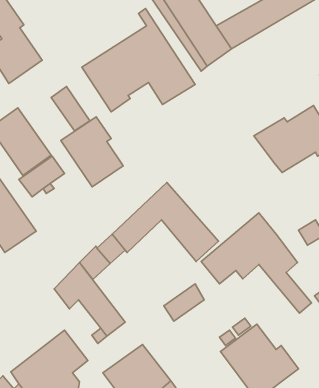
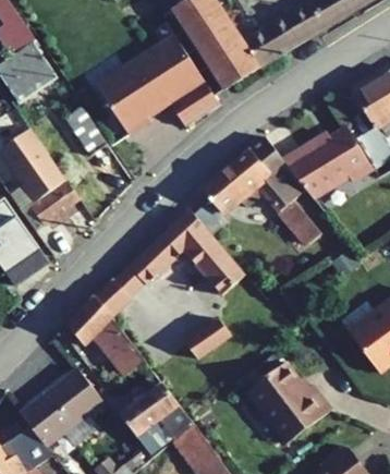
building: [61,117,123,187] -> none
building: [201,213,312,313] -> [203,136,321,244]

